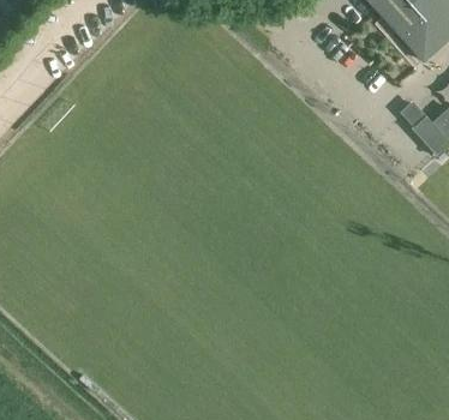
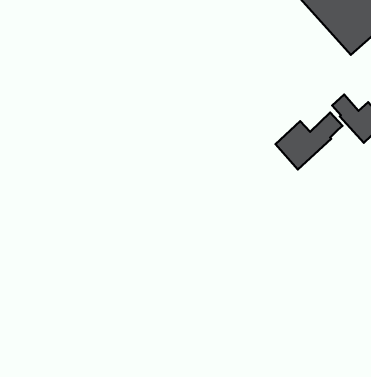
building: none -> [276,113,342,169]

